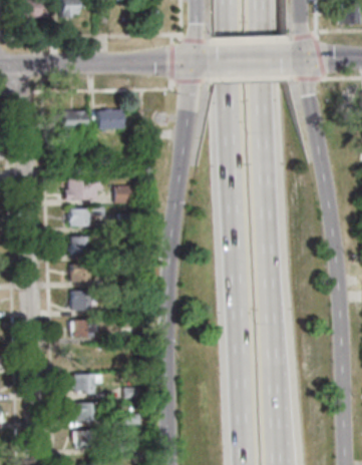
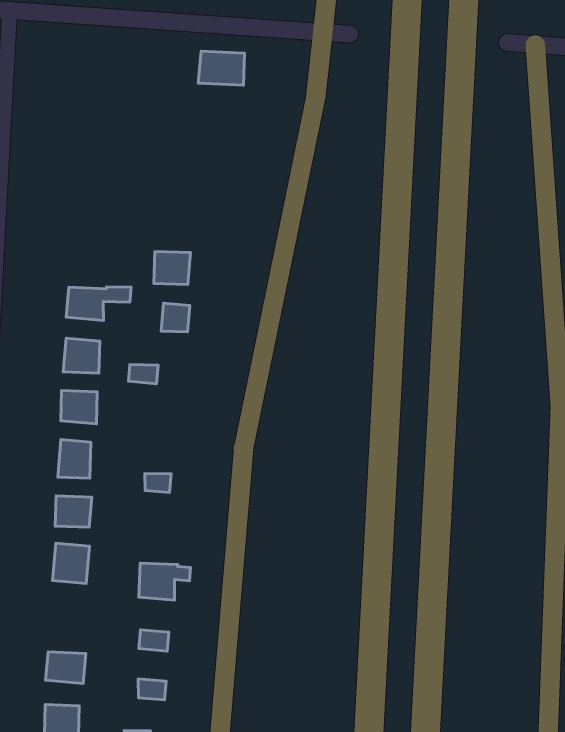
building: [98,110,122,128] -> [198,51,244,85]
building: [62,111,84,128] -> none
building: [66,178,102,199] -> none
building: [74,374,101,393] -> [139,563,191,600]

